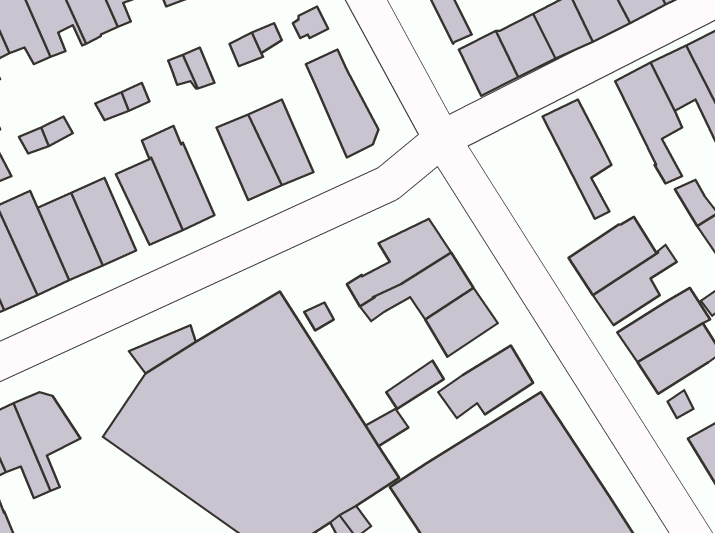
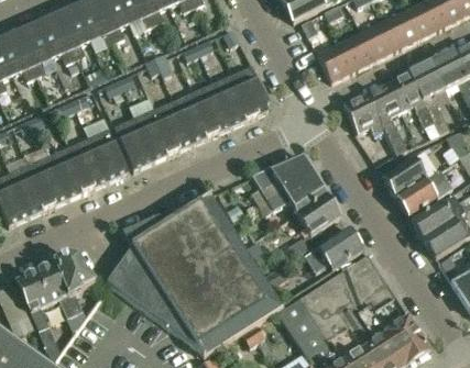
building: none -> [387,71,434,126]
building: none -> [212,74,251,125]
building: none -> [343,92,397,158]
building: none -> [154,99,193,150]

